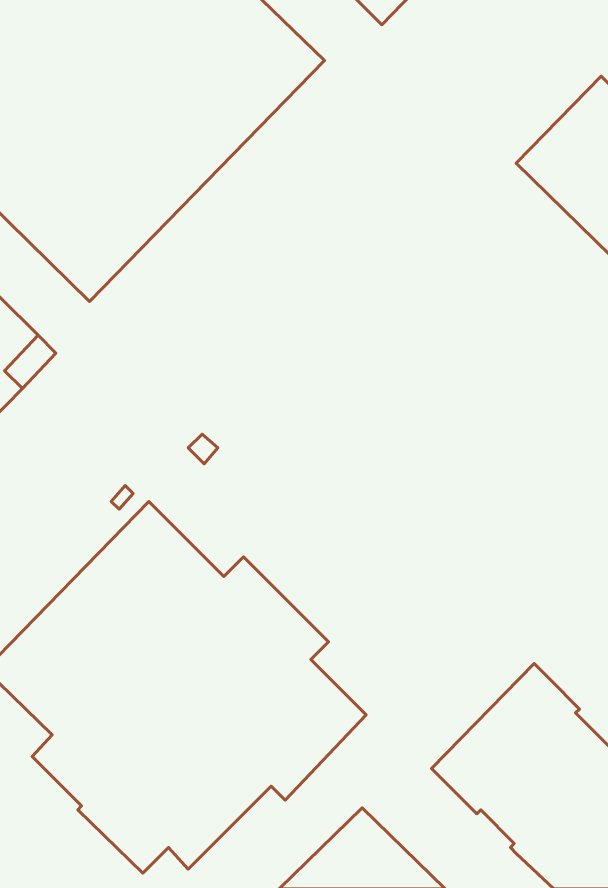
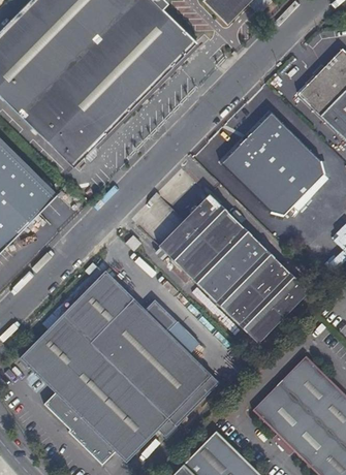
building: none -> [221,110,319,216]
building: none -> [158,194,309,344]

